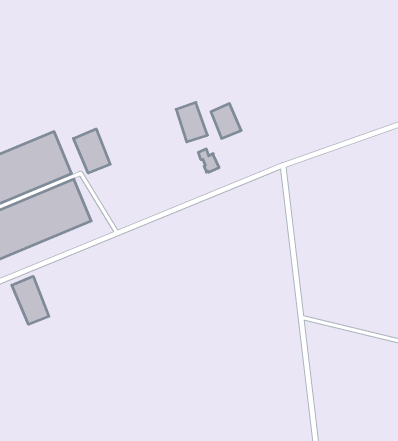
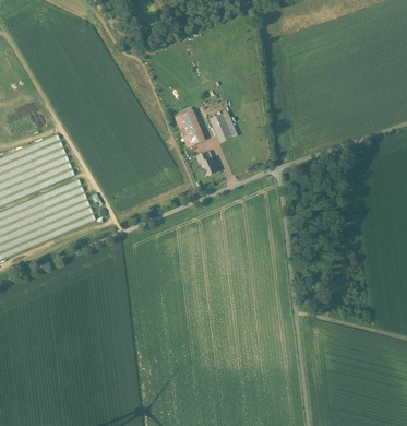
building: [73,129,110,173] -> none
building: [12,276,49,324] -> none

